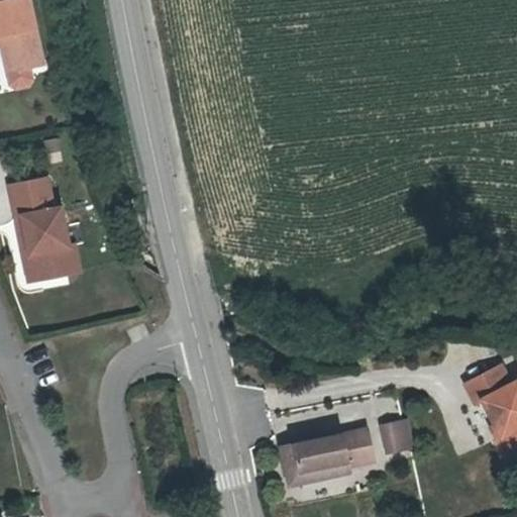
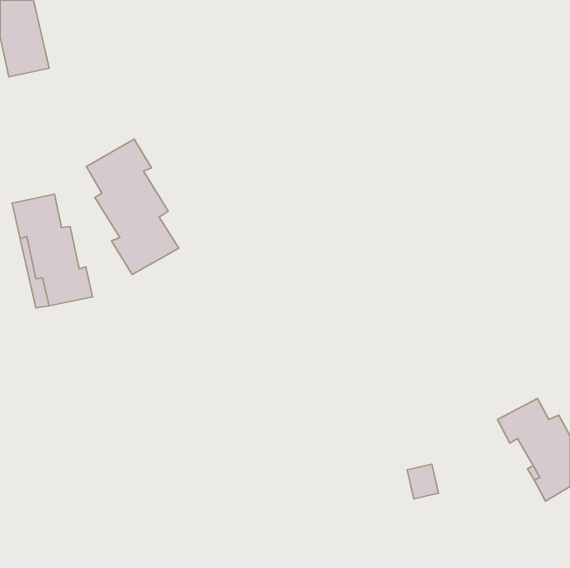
building: none -> [86,139,179,275]
building: [272,430,365,487] -> none

